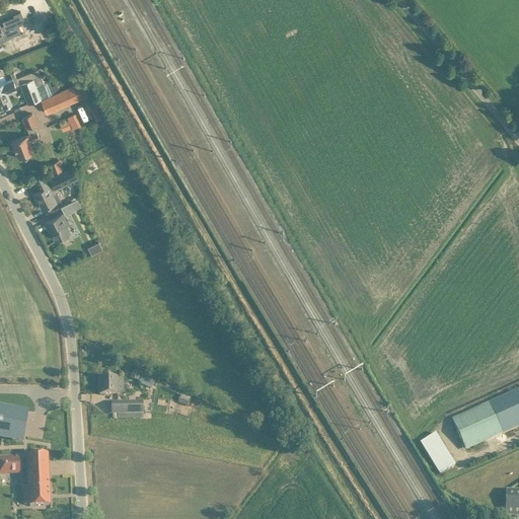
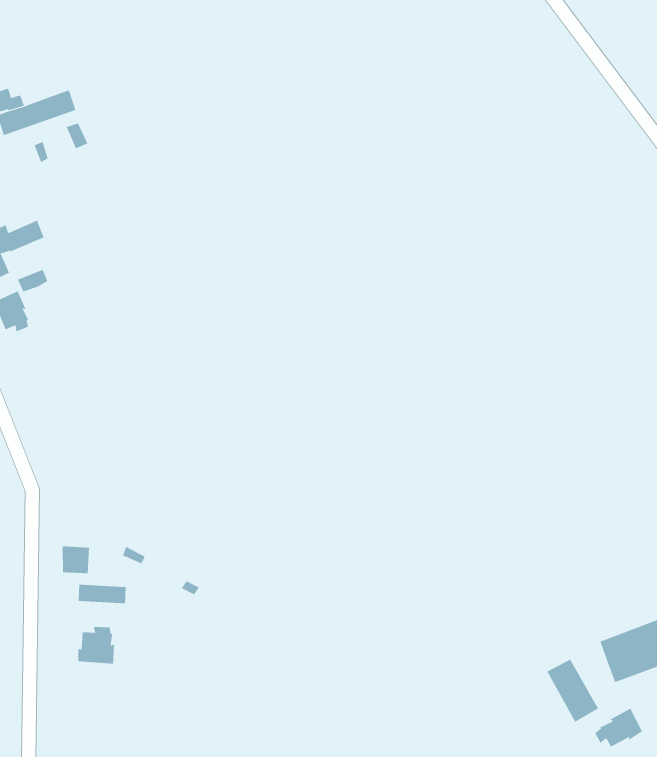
building: none -> [78,626,115,664]
building: none -> [594,708,643,747]

